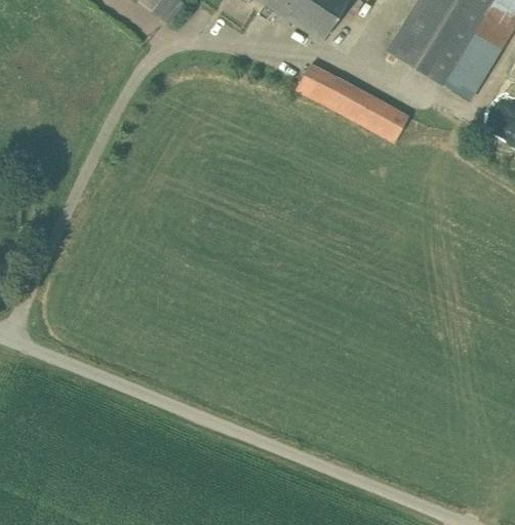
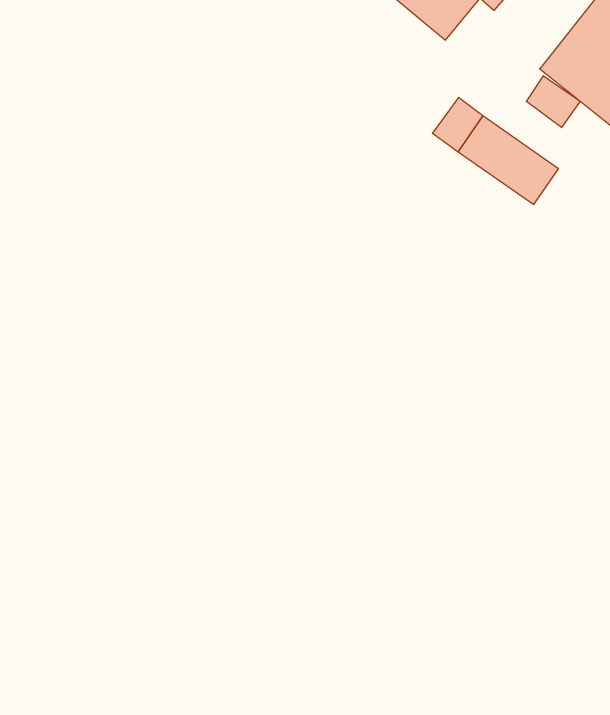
building: none -> [526,76,580,128]
building: [298,64,338,103] -> none

